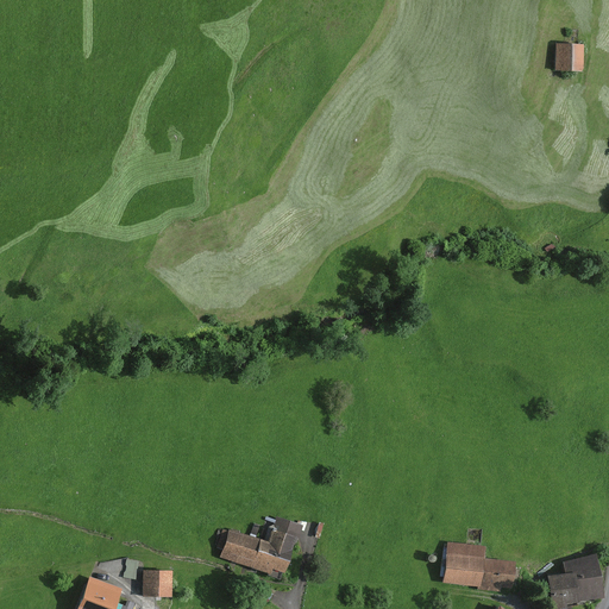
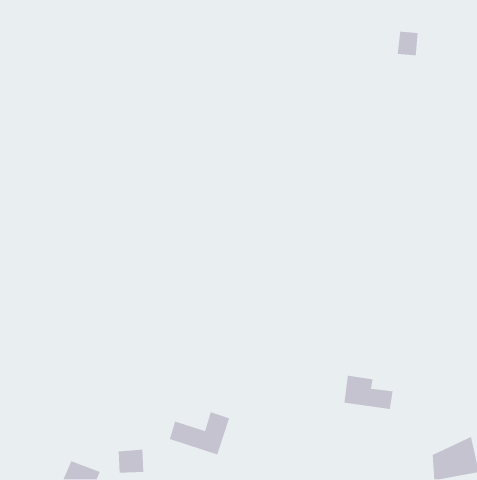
building: [551,40,578,73] -> [397,31,418,56]
building: [445,541,508,585] -> [343,375,393,410]

